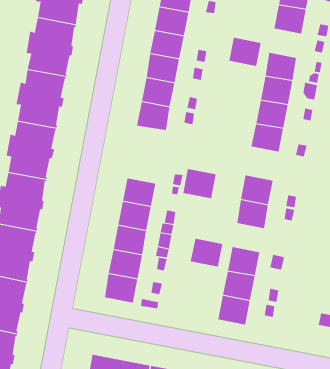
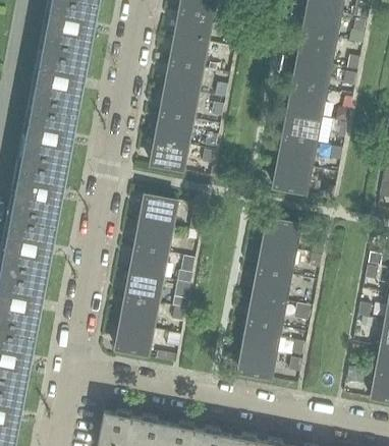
building: [229,37,262,66] -> [293,61,329,93]
building: [183,168,217,199] -> [141,196,177,228]
building: [190,238,223,267] -> [254,271,289,302]

